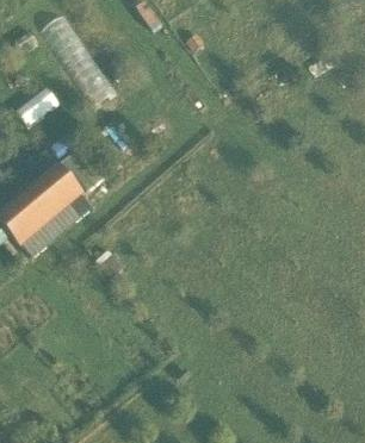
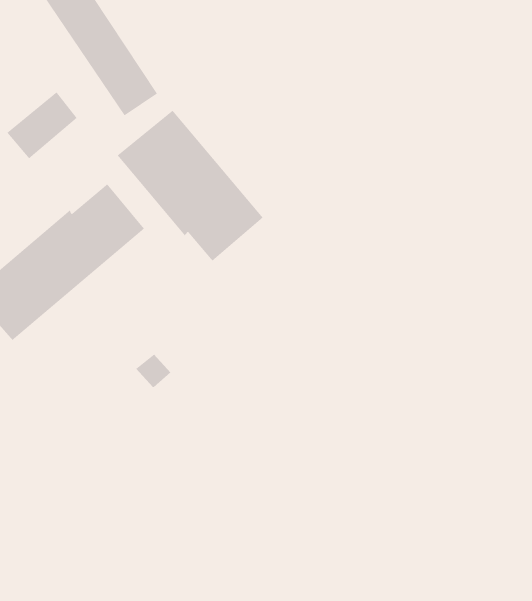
building: none -> [117,110,264,261]

